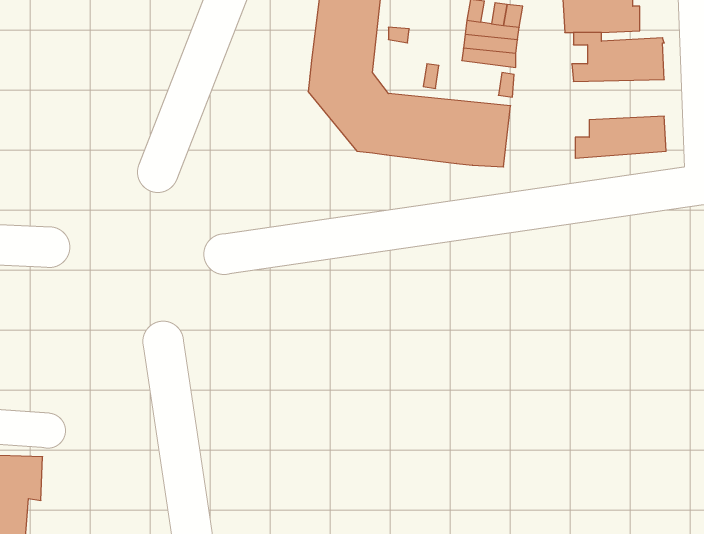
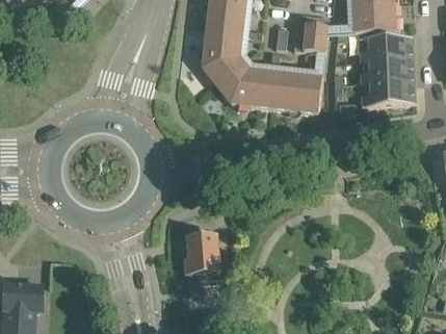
building: none -> [360,61,414,85]
building: none -> [185,236,219,294]

